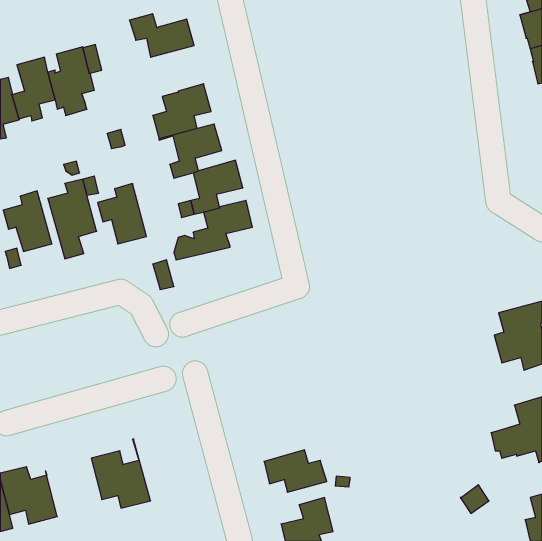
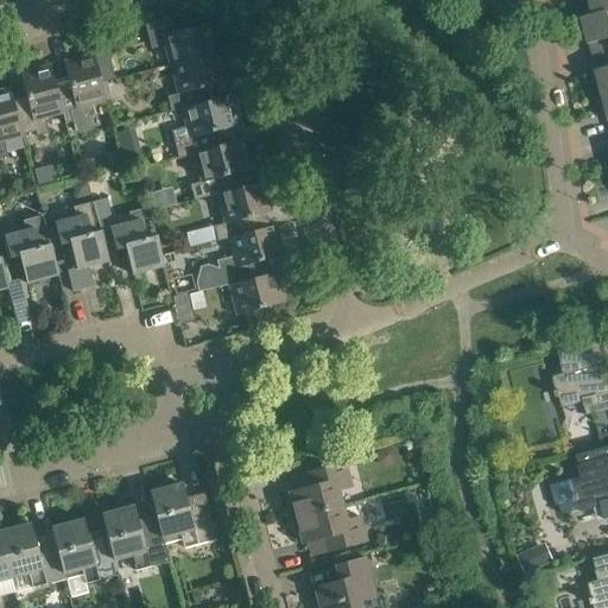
building: none -> [166,51,224,110]
building: none -> [228,271,283,314]
building: none -> [289,461,352,517]
building: none -> [150,482,216,560]
building: none -> [51,513,119,582]

